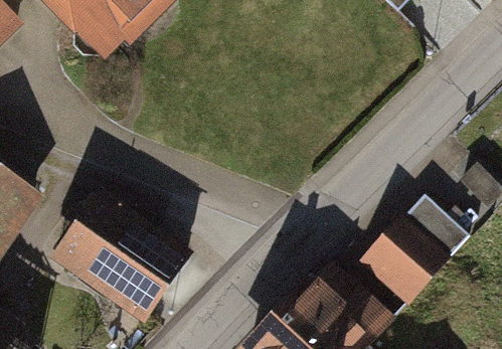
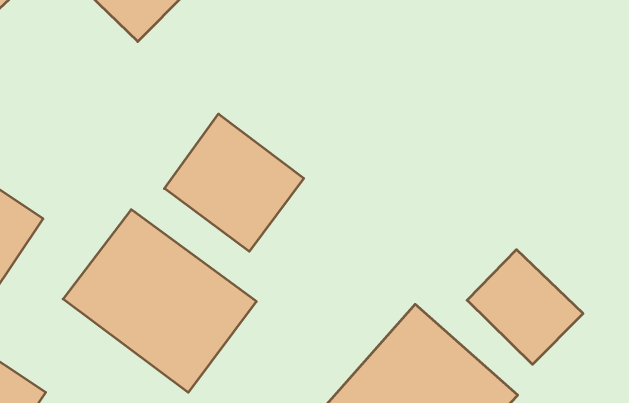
building: none -> [164,114,304,251]

